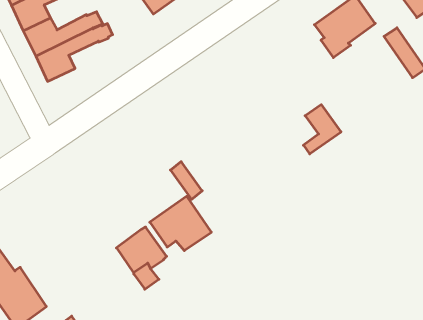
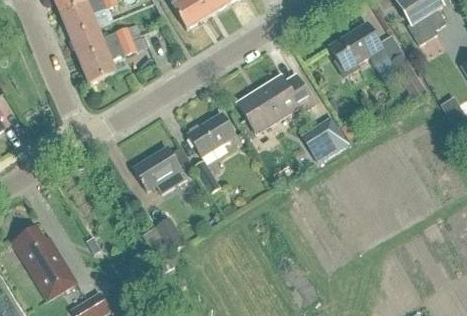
building: none -> [237,74,314,134]
building: none -> [186,113,235,157]
building: [150,196,211,251] -> [133,145,187,193]

